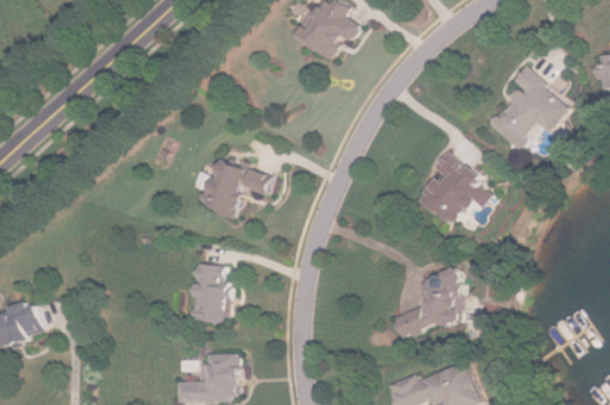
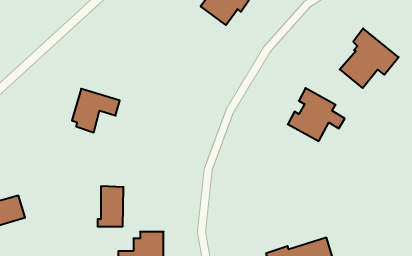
building: [205,157,273,219] -> [72,89,120,132]
building: [191,263,228,320] -> [98,186,124,227]
building: [393,267,472,337] -> none

